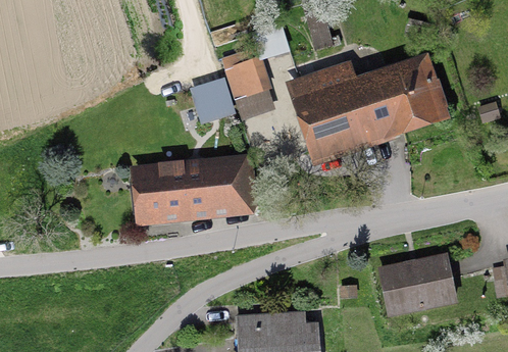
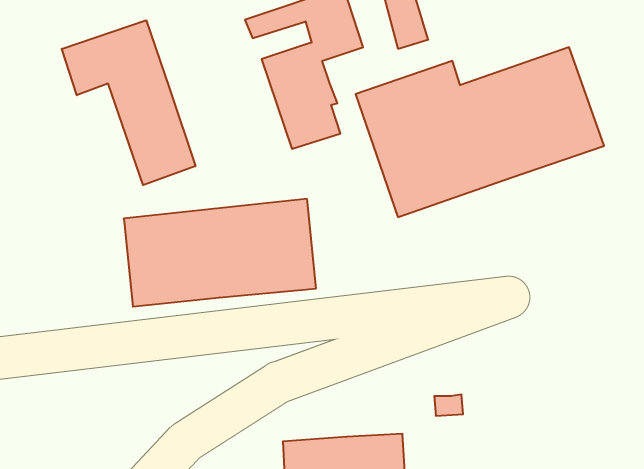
building: none -> [62,20,195,185]
building: [188,78,235,124] -> none
building: [376,253,457,317] -> none

